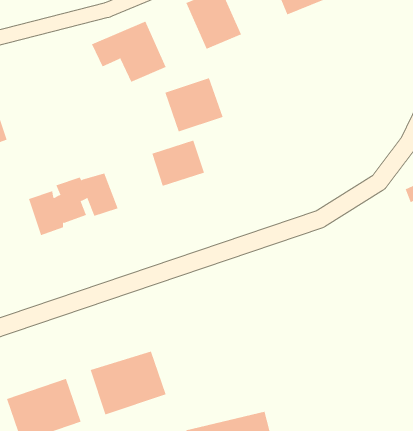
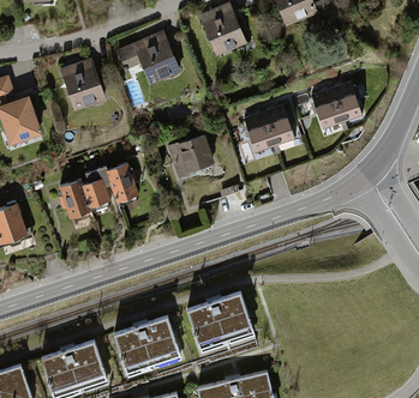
building: none -> [59,58,104,110]
building: [164,77,223,132] -> [247,103,299,151]
building: none -> [315,82,365,127]
building: none -> [187,295,252,350]

